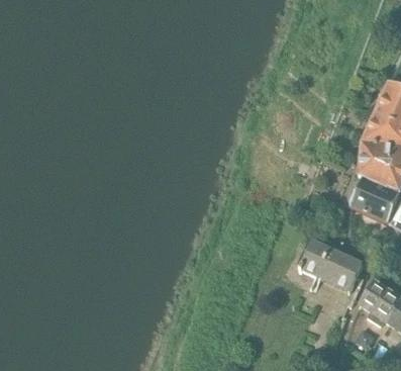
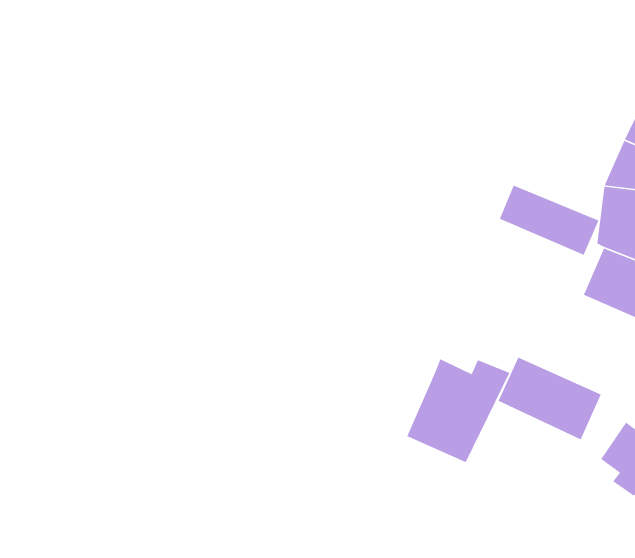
building: none -> [499,185,600,256]
building: none -> [406,358,511,463]

